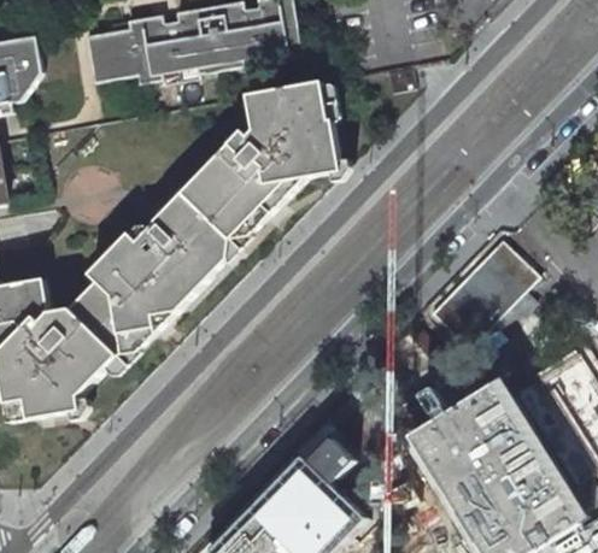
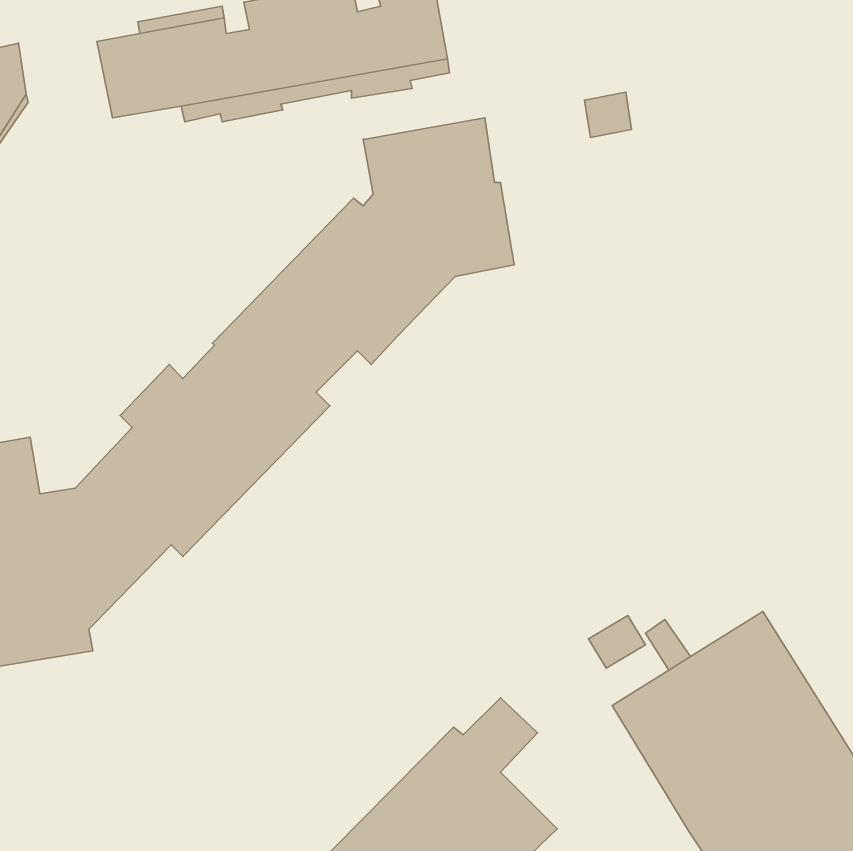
building: [429,236,538,346] -> none

